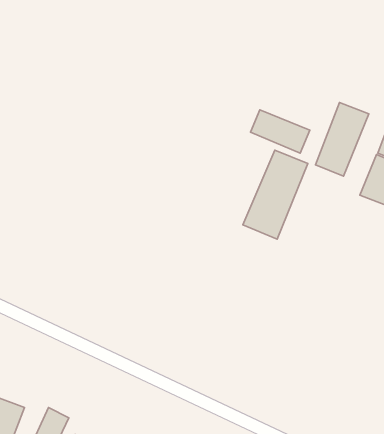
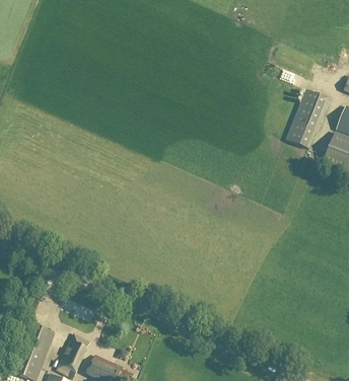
building: [251,110,310,153] -> none
building: [243,150,308,239] -> none

